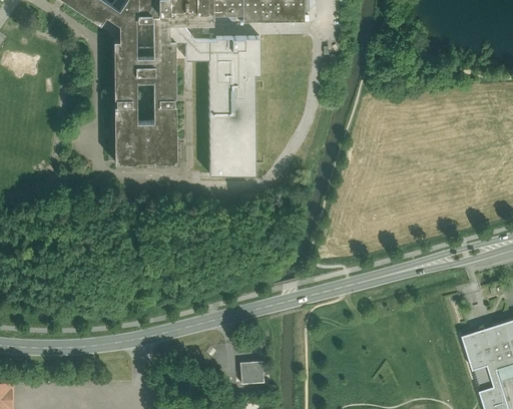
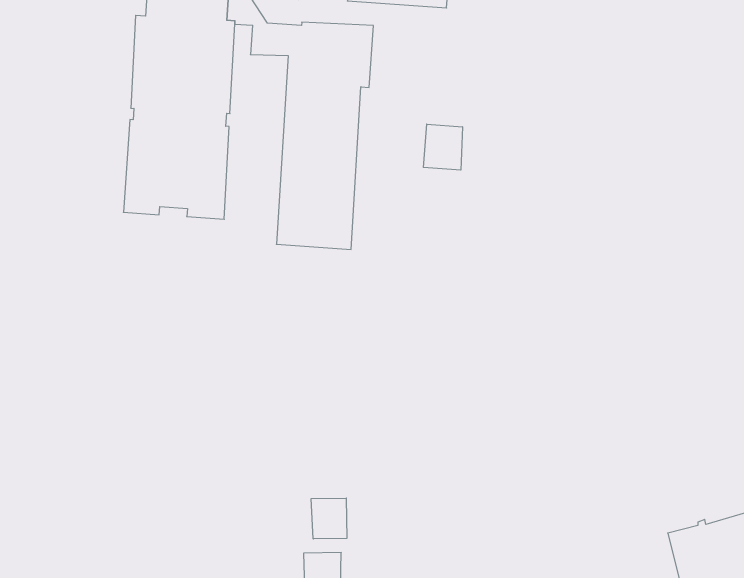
building: none -> [423,124,462,170]
building: none -> [311,498,347,539]

